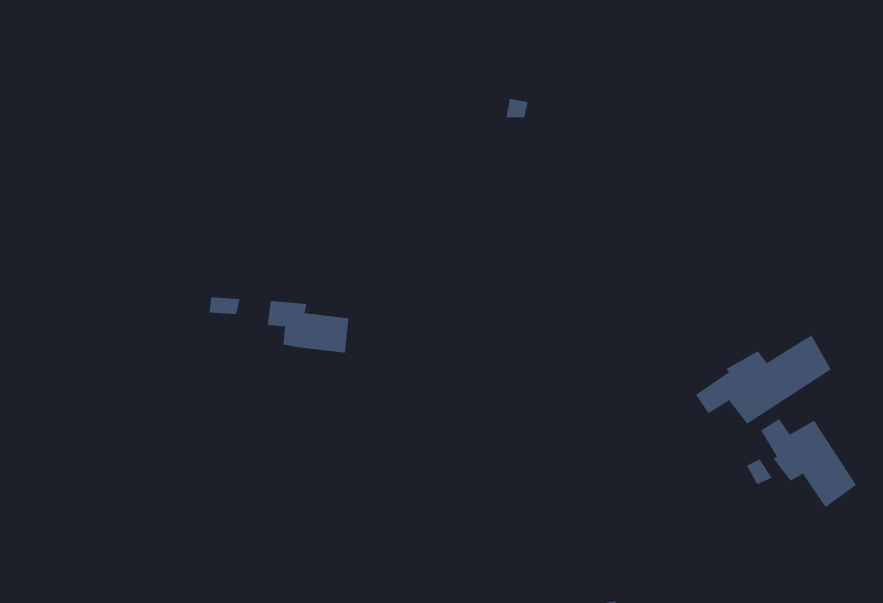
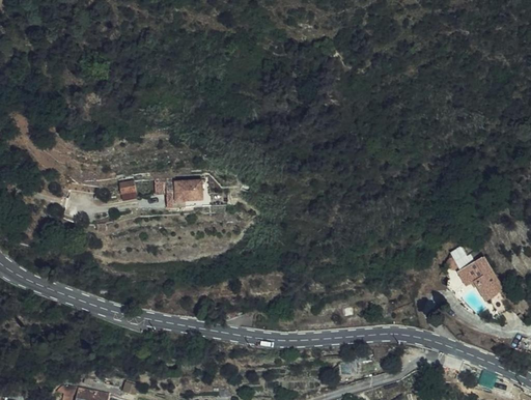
building: [695,335,831,425] -> none

